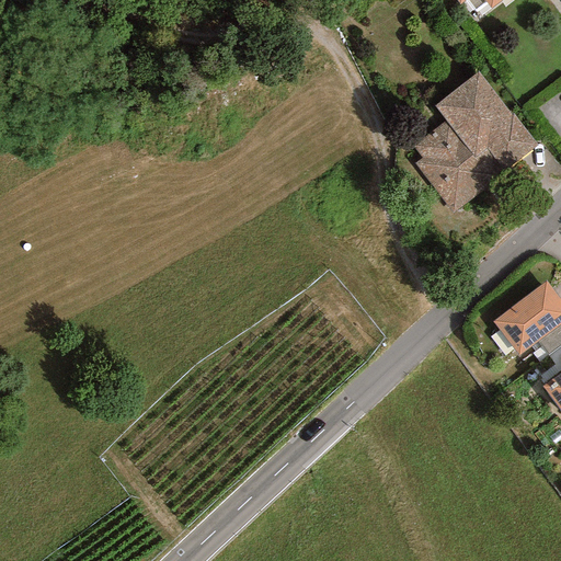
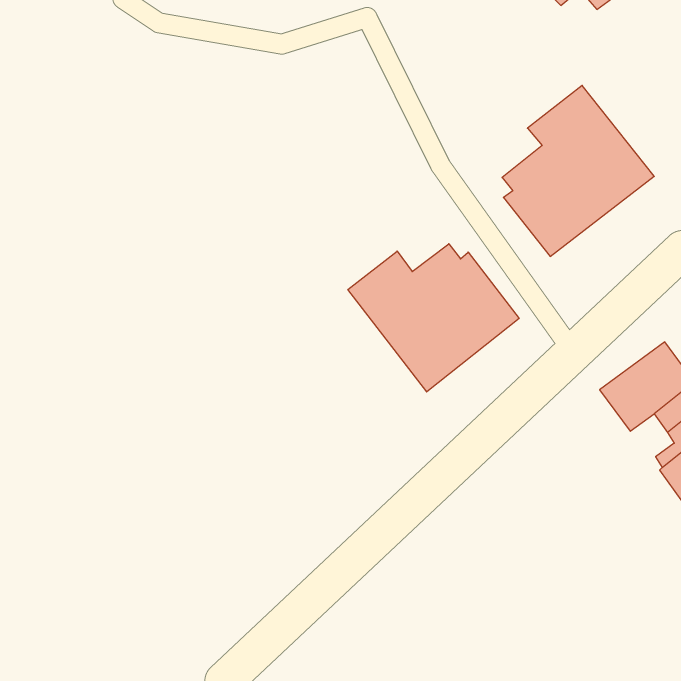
building: none -> [348,244,519,392]

